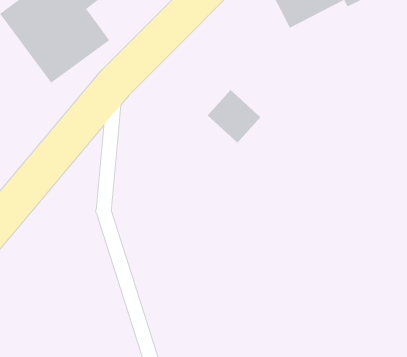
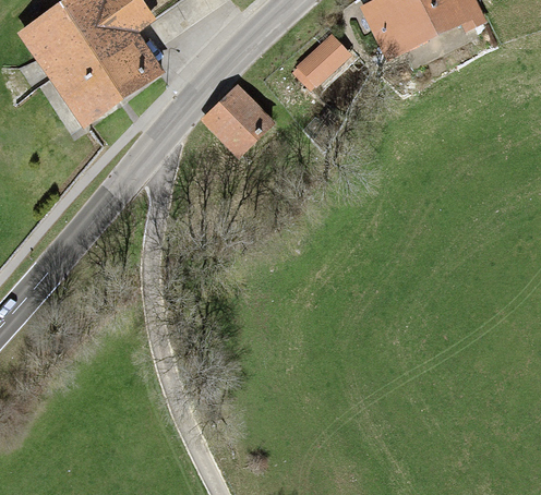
building: none -> [302,38,348,83]
building: [207,89,261,144] -> [206,88,276,158]

